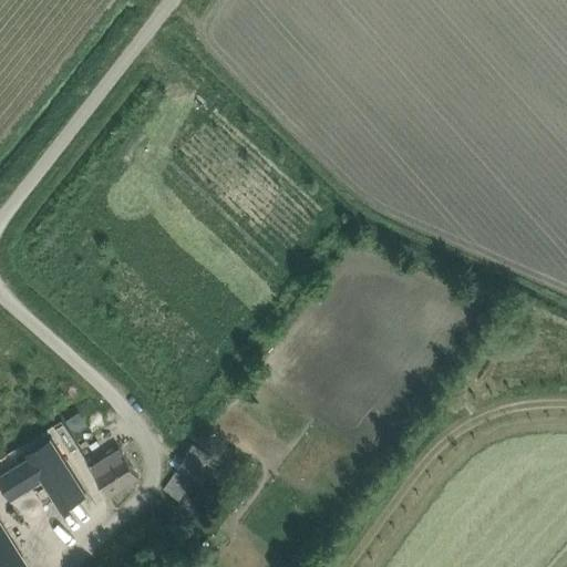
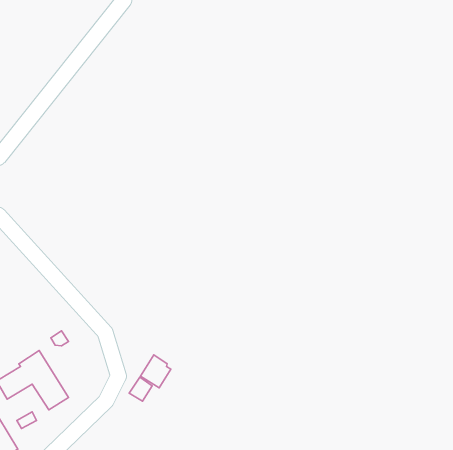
building: [89,453,136,501] -> none

